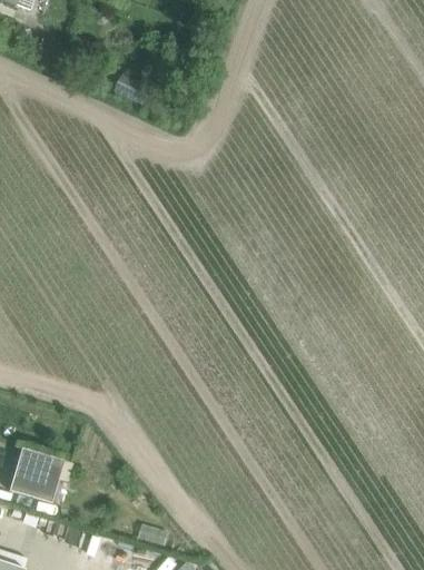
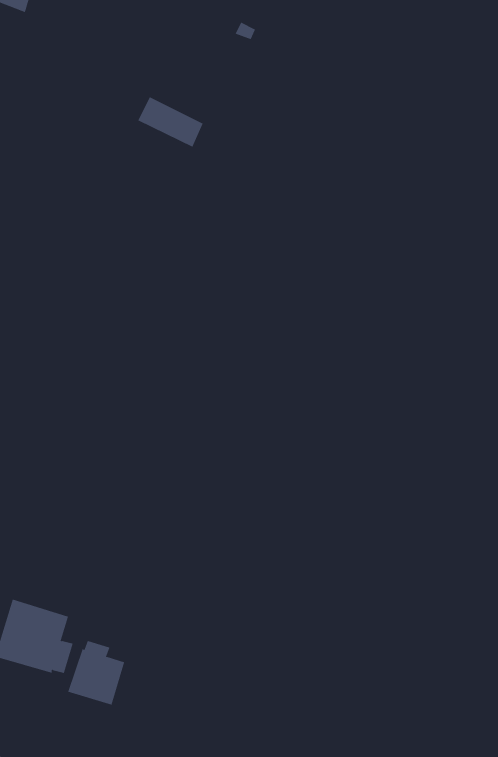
building: none -> [68,640,125,706]

